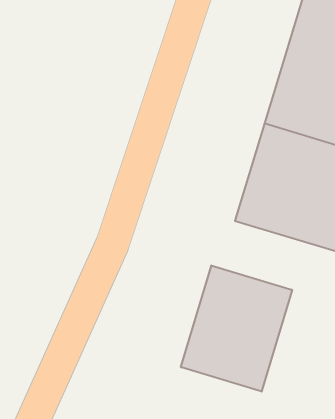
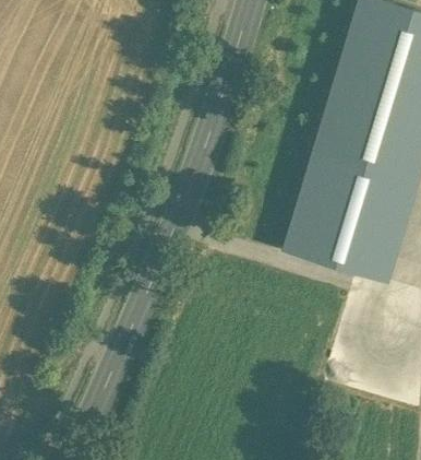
building: [181,265,292,392] -> none

